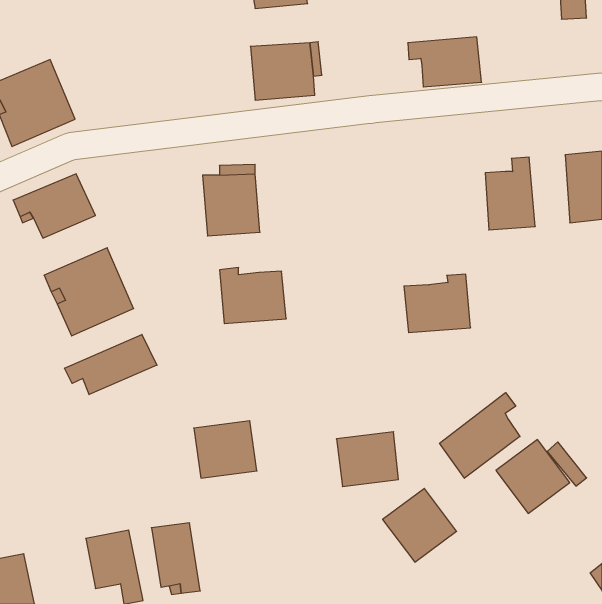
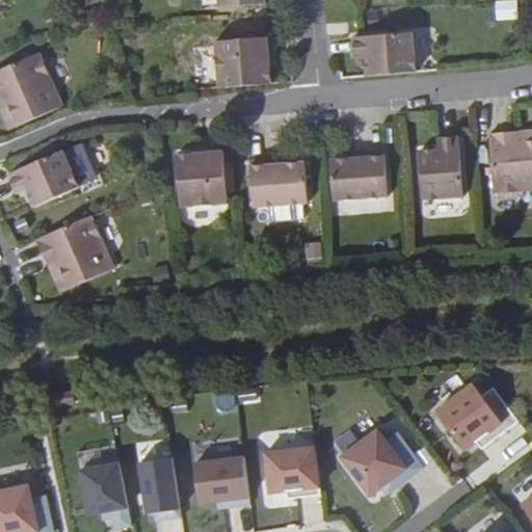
building: [220,268,286,324] -> [250,158,309,207]
building: [404,274,471,333] -> [332,149,391,200]
building: [65,334,157,395] -> none
building: [440,393,520,478] -> none
building: [194,421,257,478] -> [188,452,243,502]
building: [336,432,398,487] -> [259,444,313,491]

